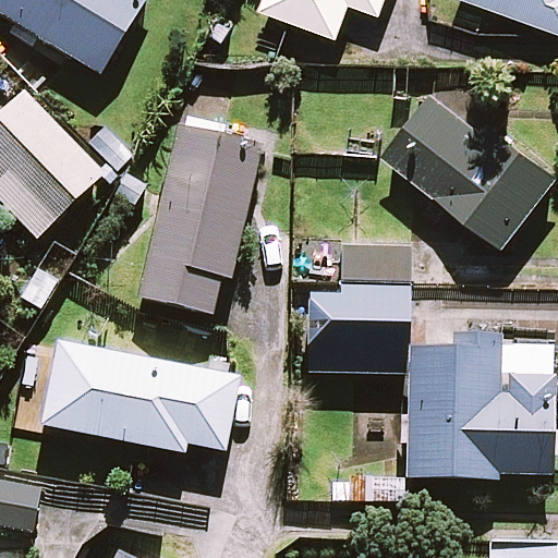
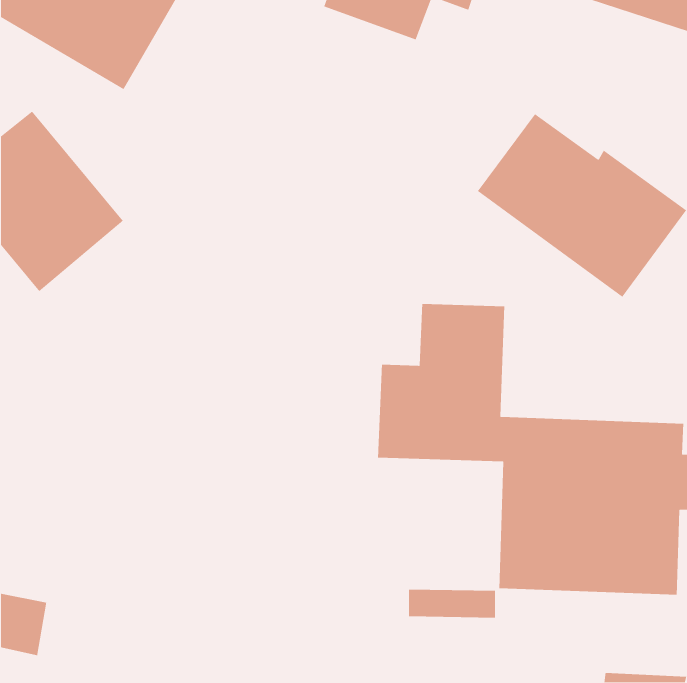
building: [137,129,260,316] -> none
building: [41,343,235,458] -> none

